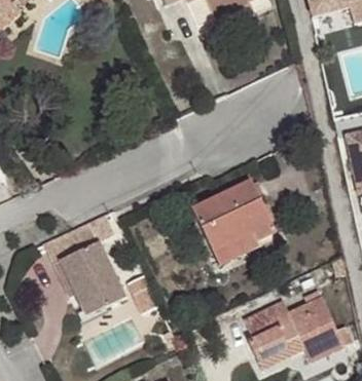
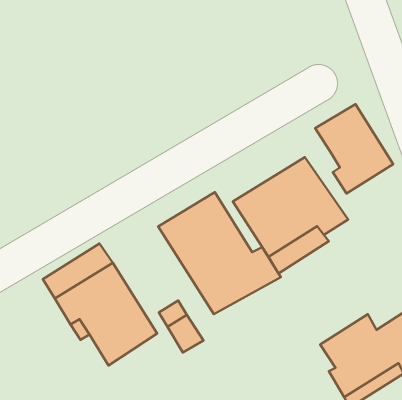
building: none -> [315,104,393,194]
building: none -> [158,192,281,314]

